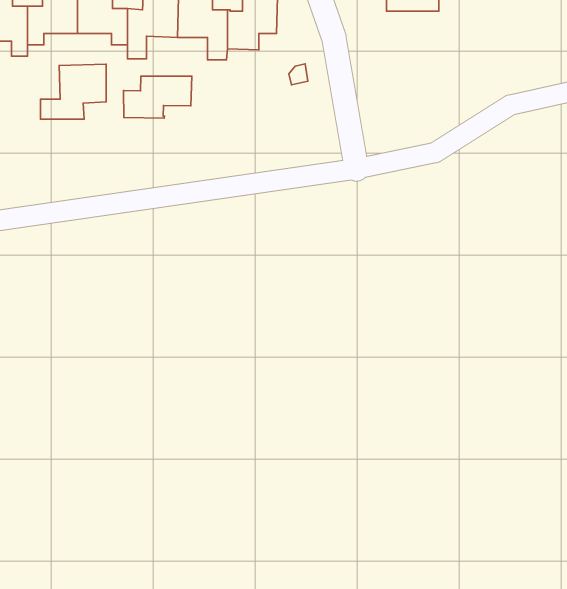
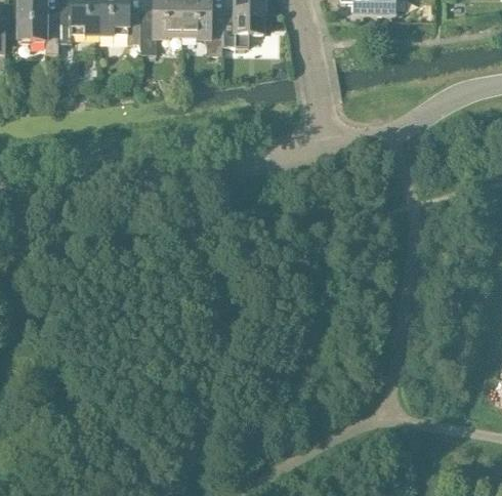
building: [40,64,106,119] -> none
building: [123,76,192,118] -> none

